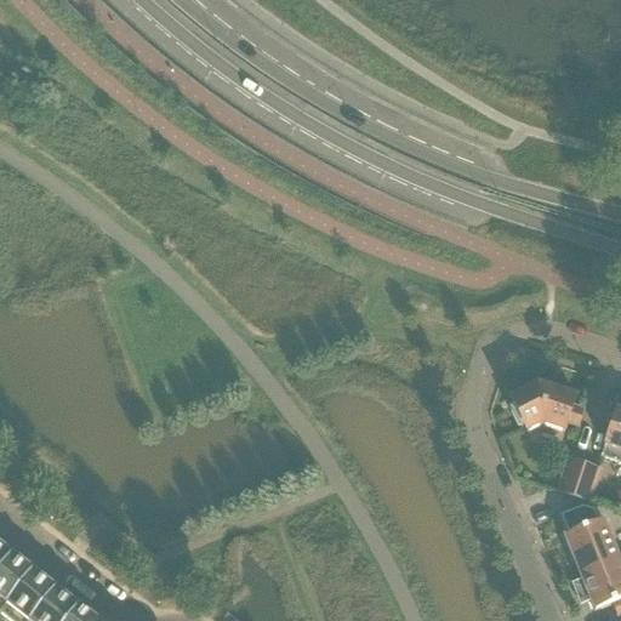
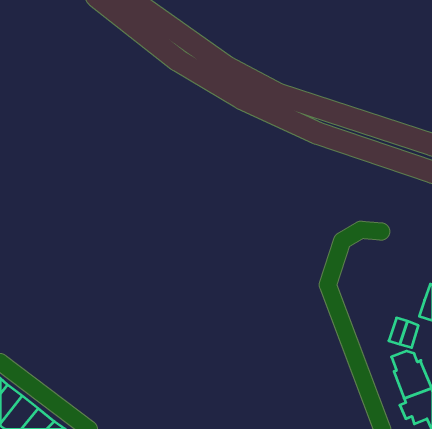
building: [511,380,583,428] -> none

